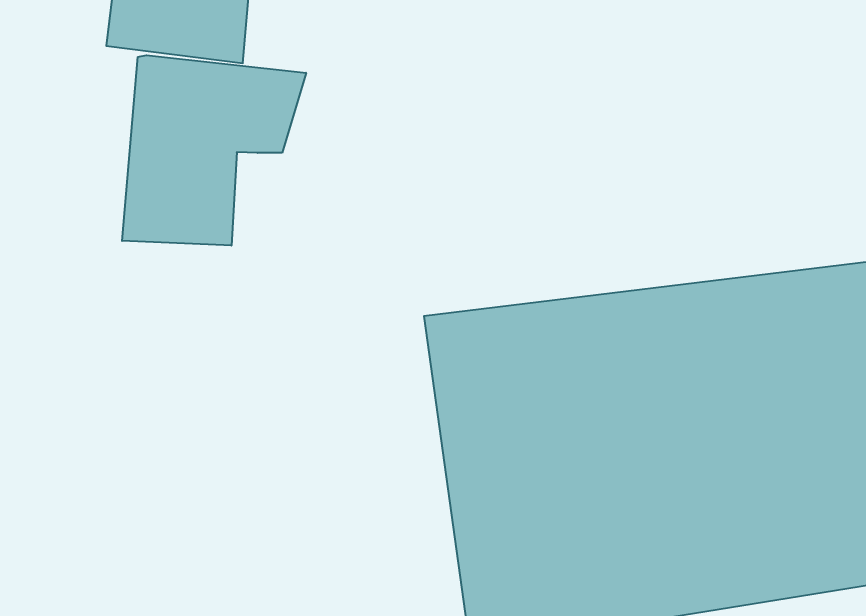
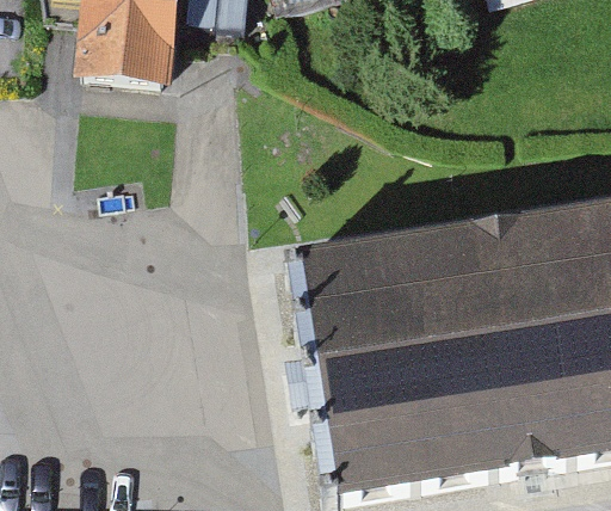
building: [122,55,306,246] -> none

